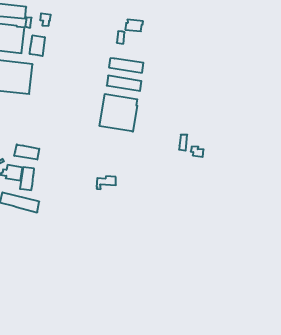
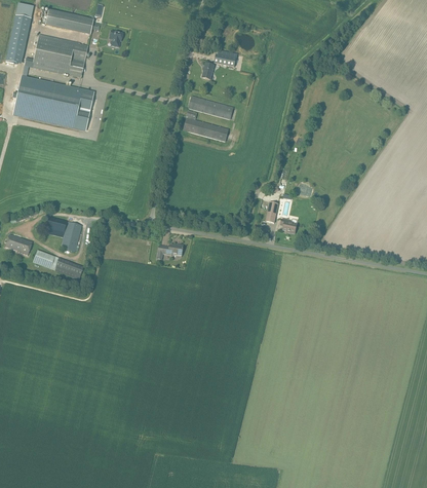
building: [30,35,45,56] -> none
building: [100,94,137,132] -> none
building: [14,144,39,160] -> none

